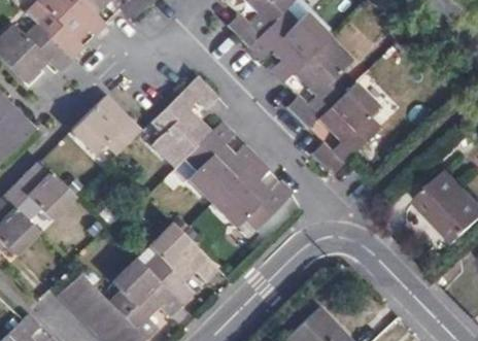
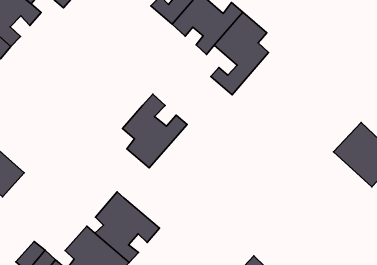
building: [150,75,218,166] -> none
building: [311,86,377,175] -> none
building: [69,95,140,156] -> none
building: [211,158,293,230] -> none

